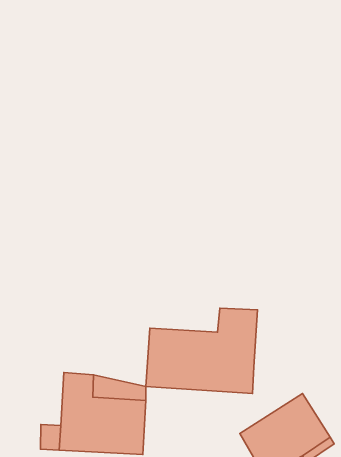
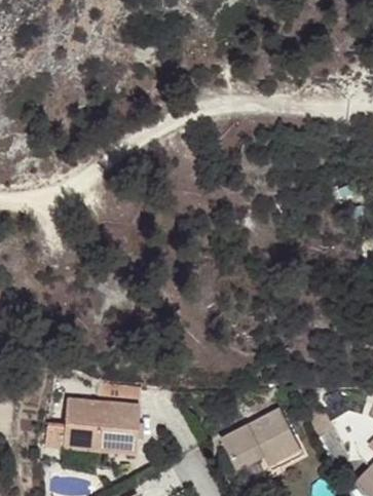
building: [146,308,257,393] -> none

